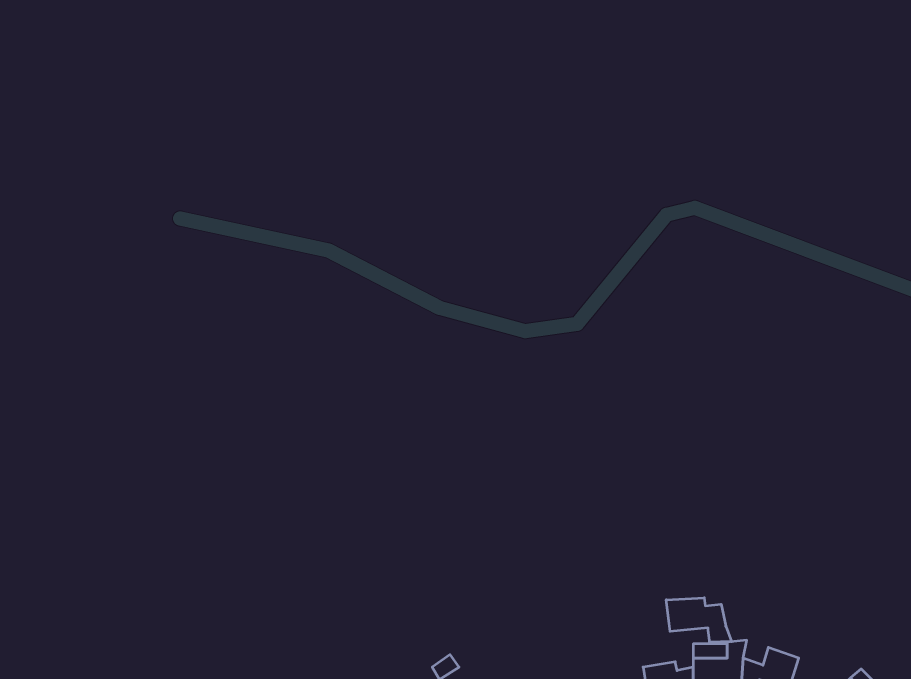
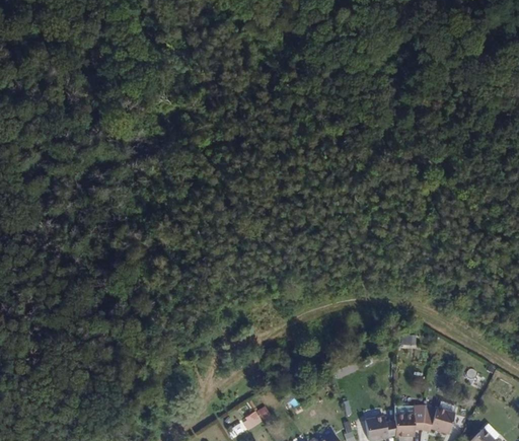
building: [666,598,732,642] -> none

